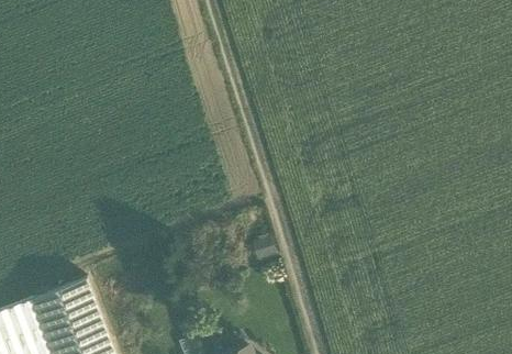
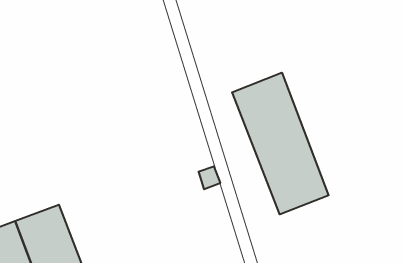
building: none -> [232,73,329,214]

